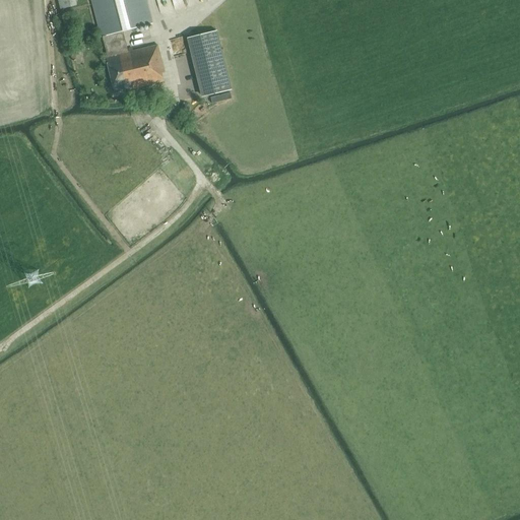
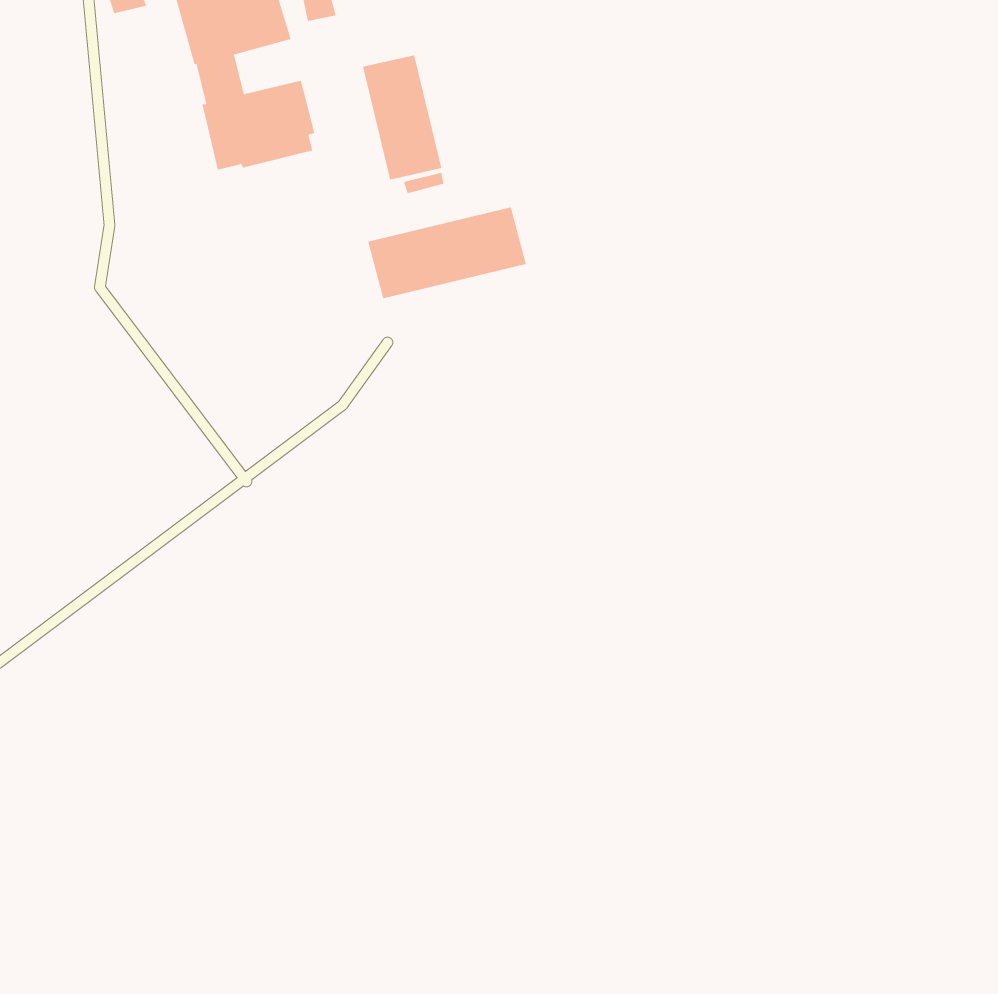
building: none -> [368,207,526,299]

